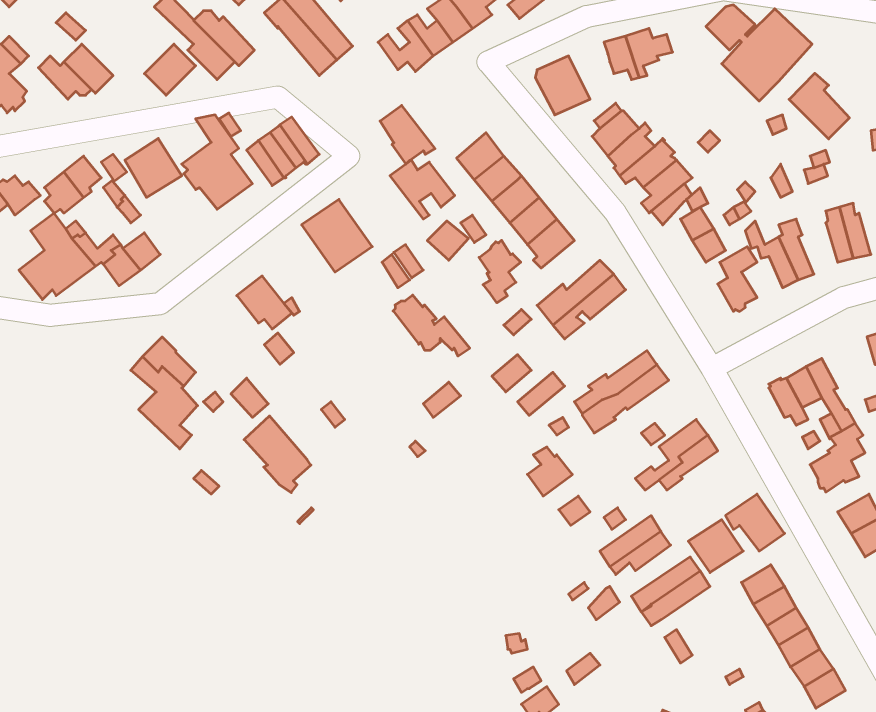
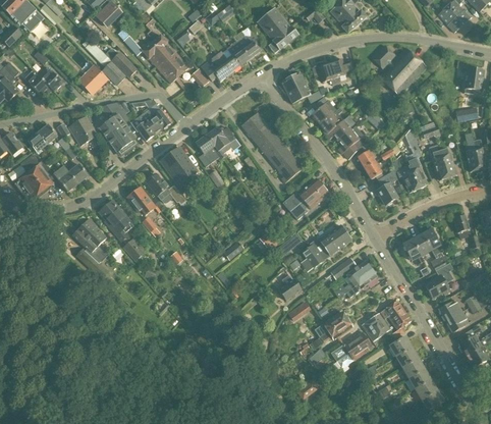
building: [789,73,849,139] -> none
building: [380,105,435,164] -> [196,135,224,165]
building: [479,240,521,303] -> none
building: [393,295,470,356] -> [147,174,186,206]
building: [244,416,311,493] -> [99,200,133,240]

